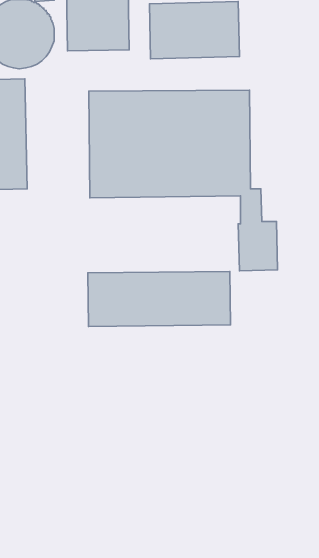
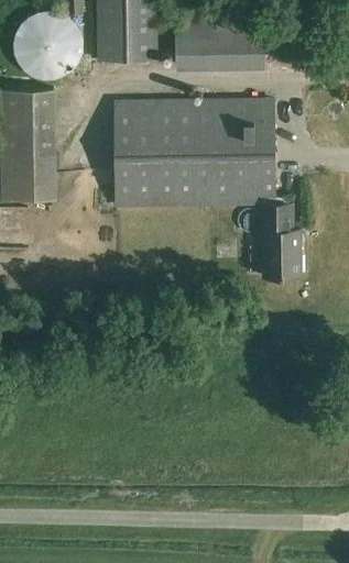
building: [88,271,230,326] -> none

